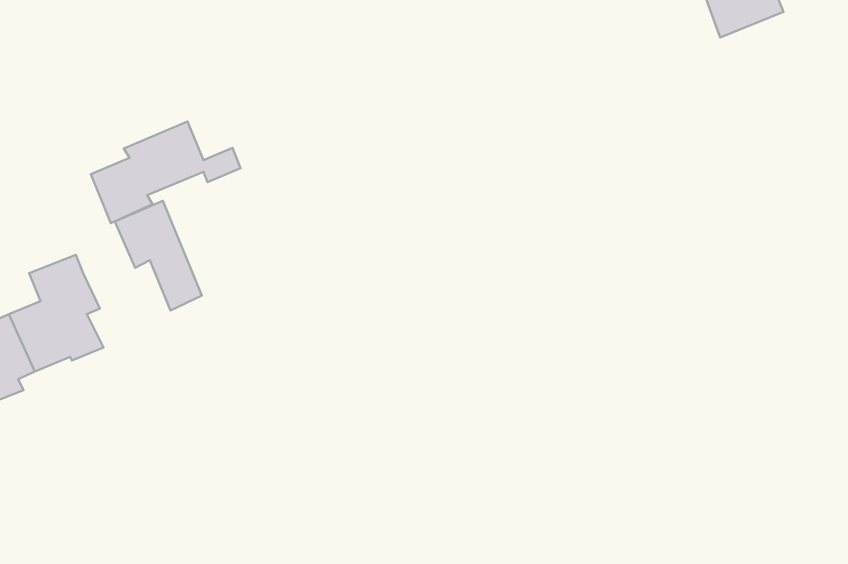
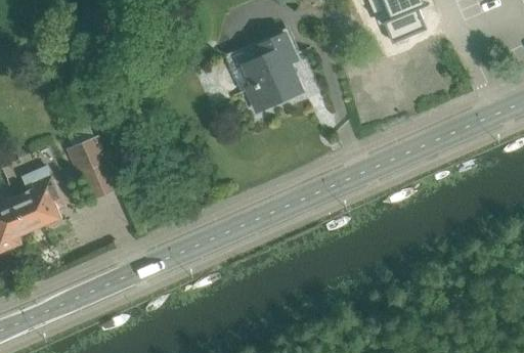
building: none -> [233,31,301,109]
building: [91,121,241,223] -> none

